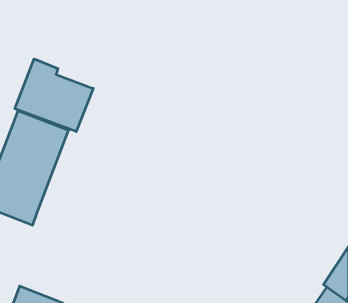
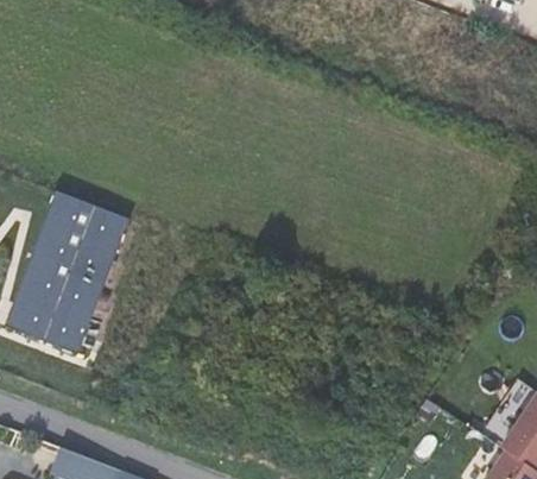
building: [15,59,93,132] -> none

